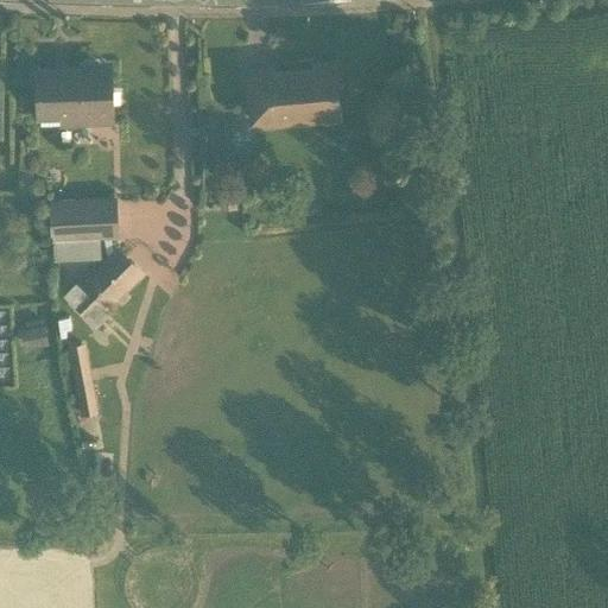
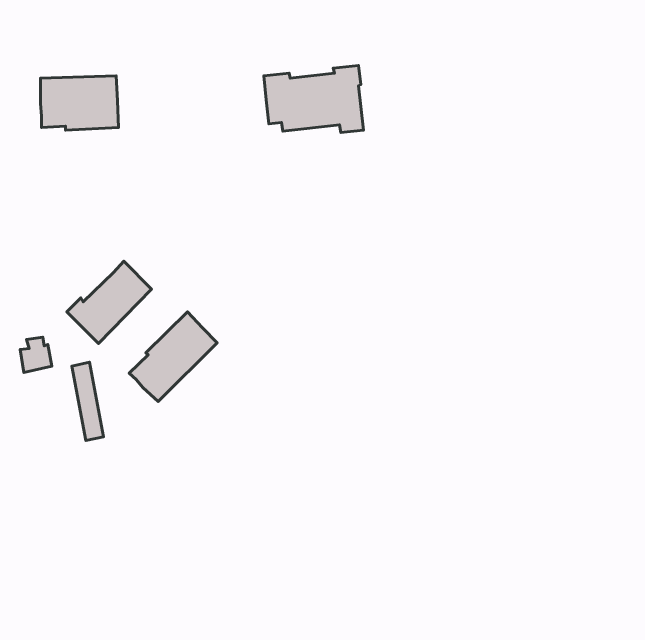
building: [49,200,114,265] -> none
building: none -> [129,312,217,402]

